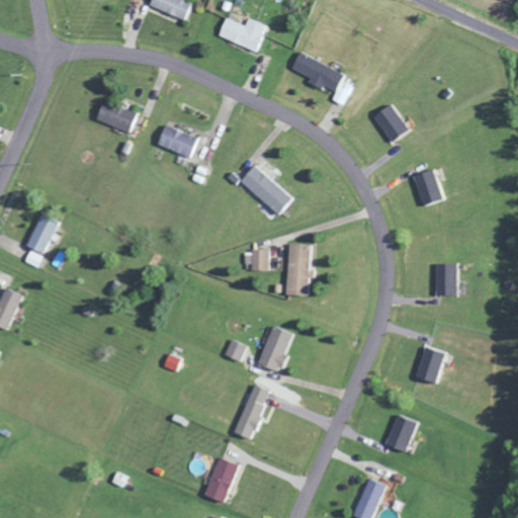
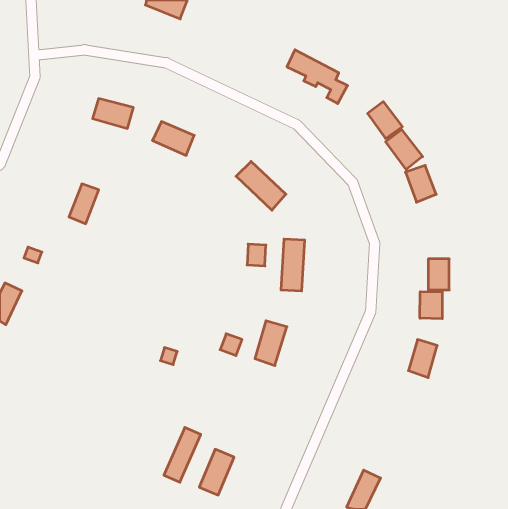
building: [218,16,267,52] -> none
building: none -> [386,130,423,170]
building: [26,213,57,254] -> [69,184,99,224]
building: none -> [420,292,442,319]
building: [233,383,270,439] -> [164,427,201,482]
building: [386,414,416,451] -> none

